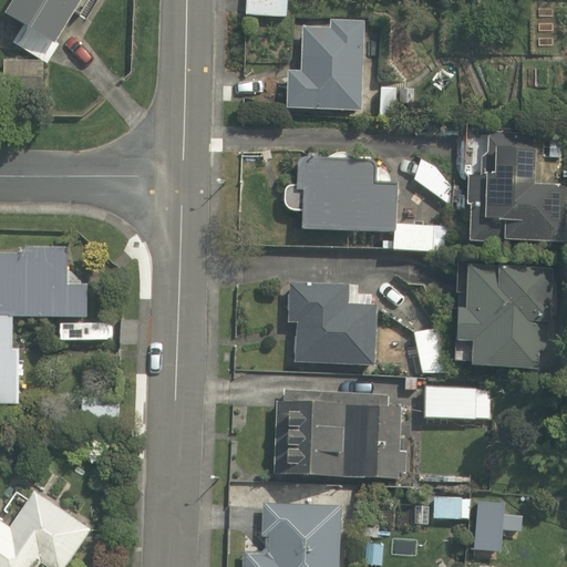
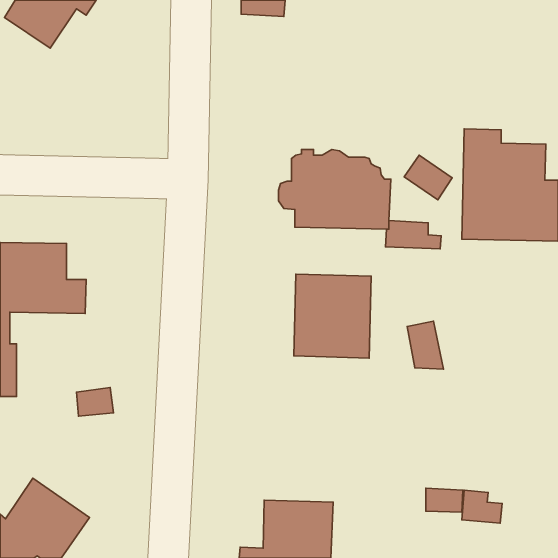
building: [284,16,362,112] -> none
building: [456,260,557,372] -> none
building: [422,377,492,422] -> none
building: [274,379,400,481] -> none

